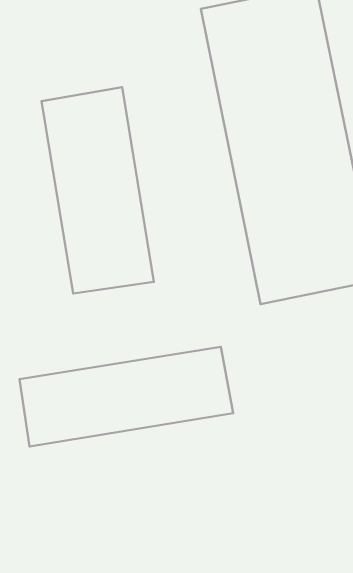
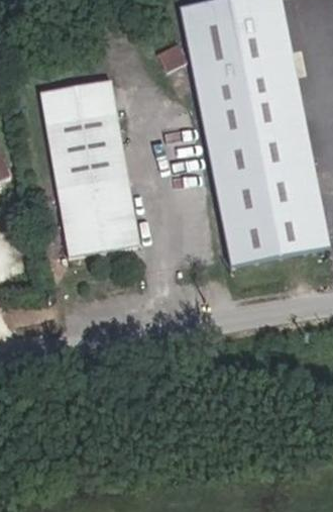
building: [19,347,233,446] -> none

